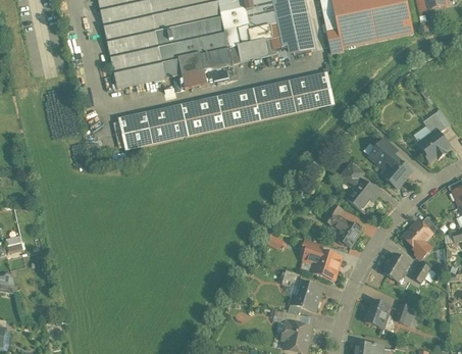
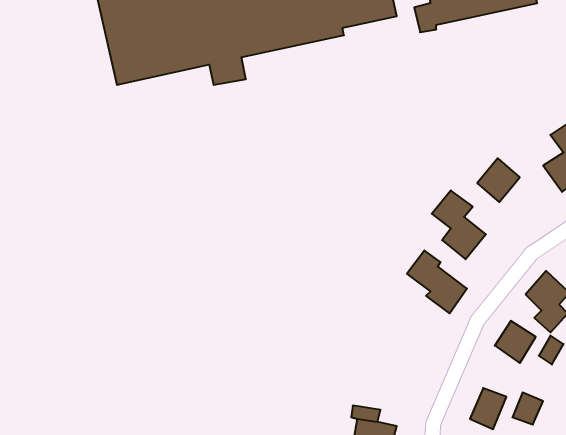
building: [118,74,336,150] -> none
building: [380,157,410,188] -> none
building: [301,240,342,280] -> none
building: [289,282,323,311] -> none

